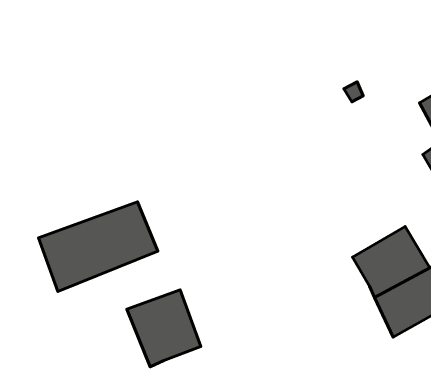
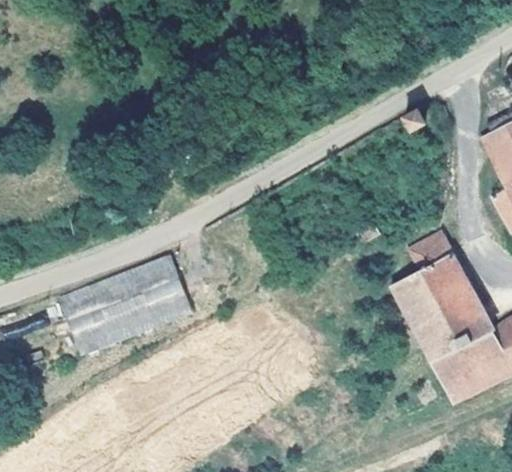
building: none -> [395,235,471,317]
building: [127,290,201,367] -> none

